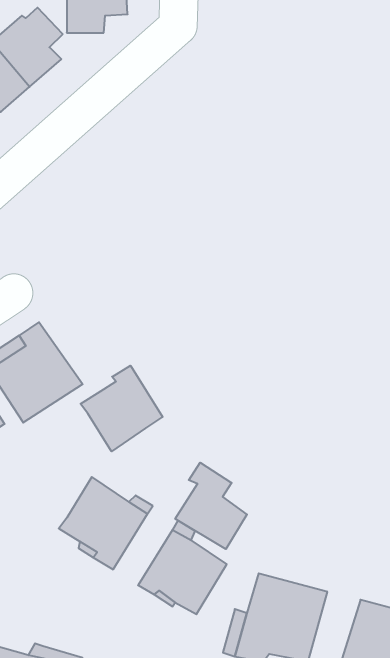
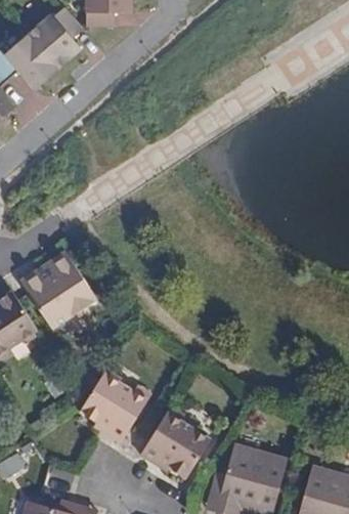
building: [81,366,163,451] -> none
building: [175,463,247,549] -> none

